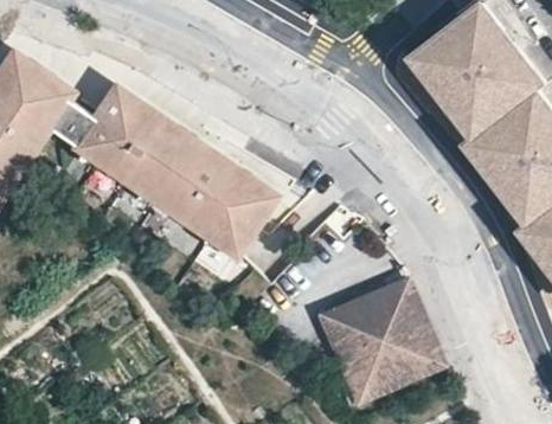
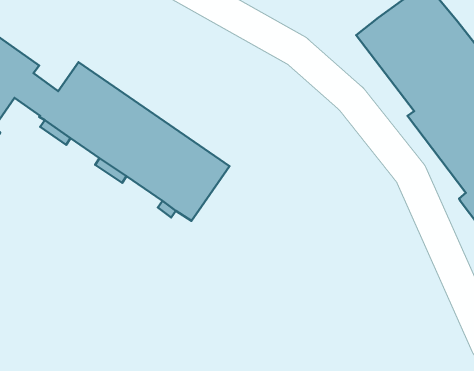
building: [320,280,441,400] -> none

